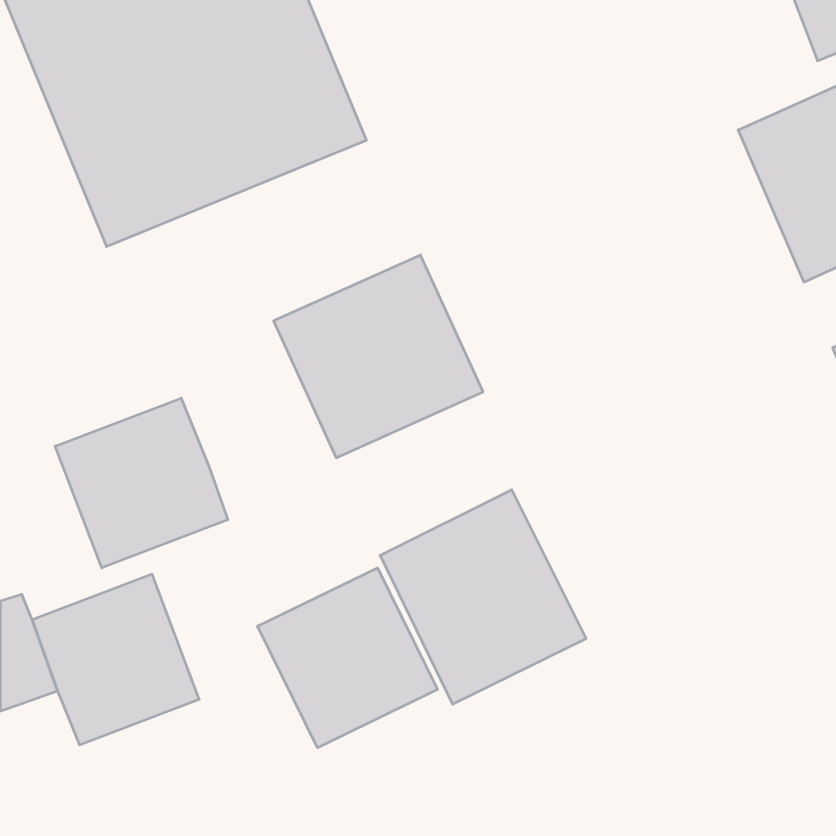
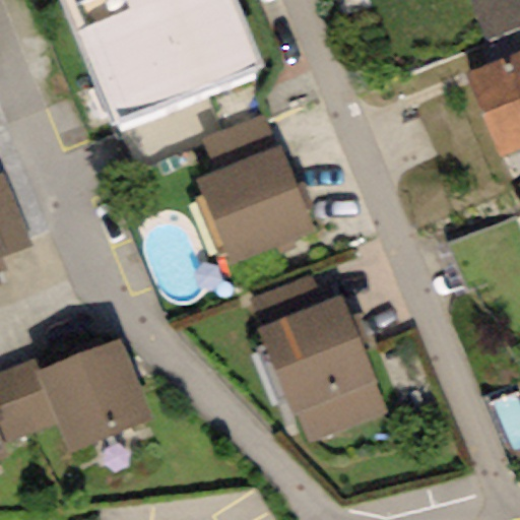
building: [55,398,228,568] -> none
building: [258,568,437,748] -> none

